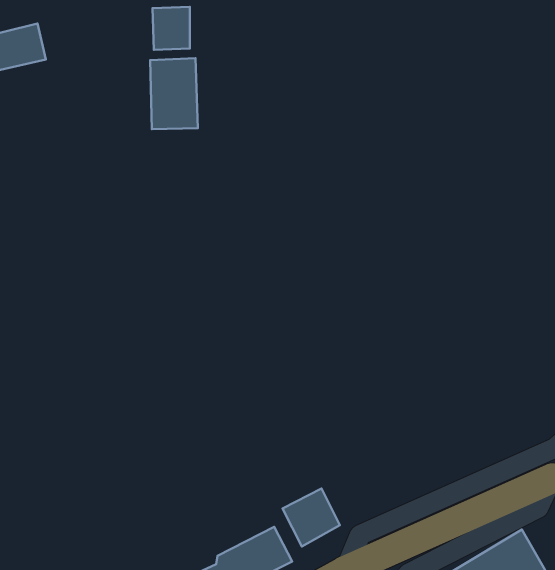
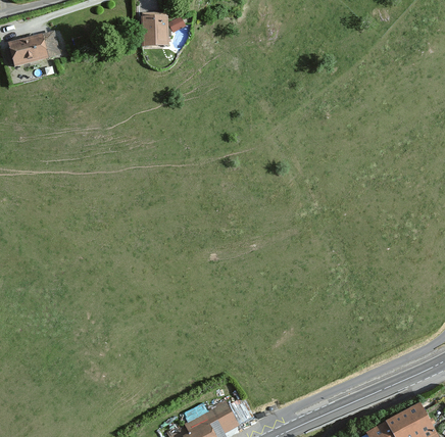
building: [150,58,198,129] -> none
building: [283,489,340,546] -> none

